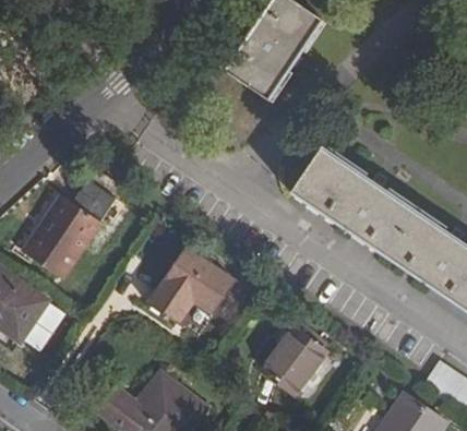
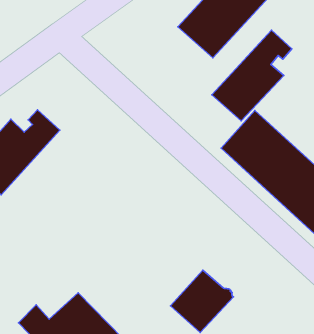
building: none -> [212,30,292,121]
building: [147,248,234,336] -> none

